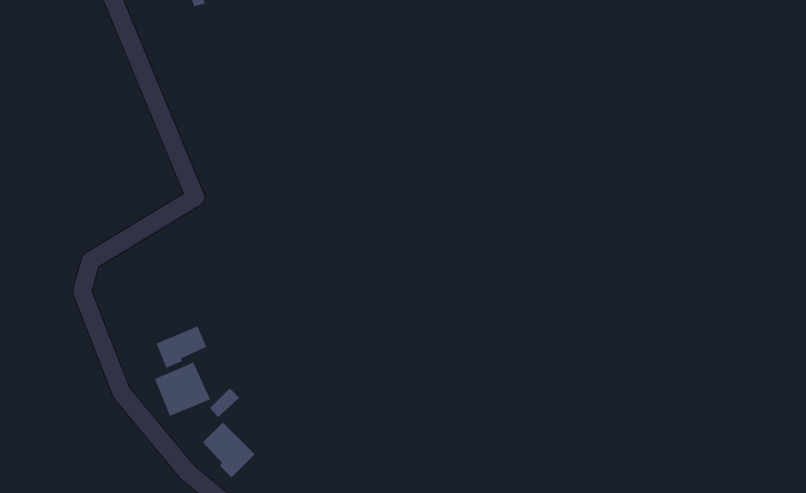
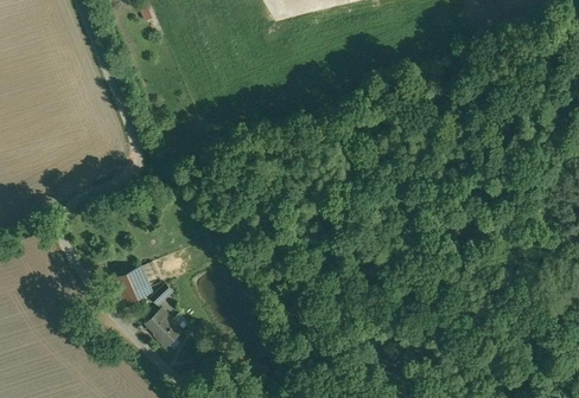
building: [156,326,207,368] -> none

